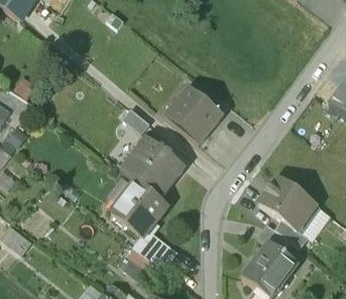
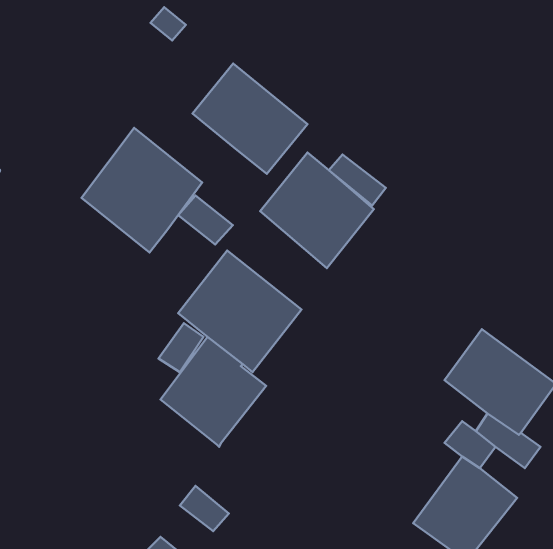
building: none -> [192,64,308,174]
building: none -> [82,128,202,252]
building: [133,235,174,270] -> none

